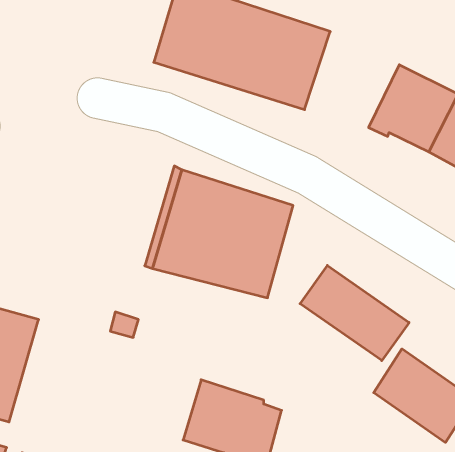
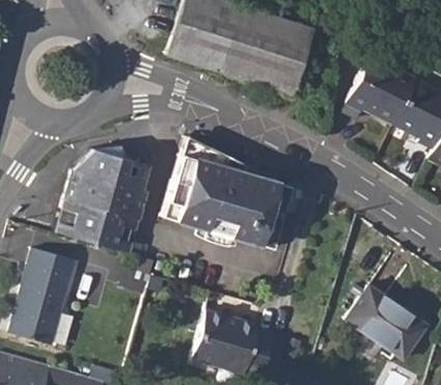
building: none -> [58,145,150,254]
building: [300,265,409,361] -> none

